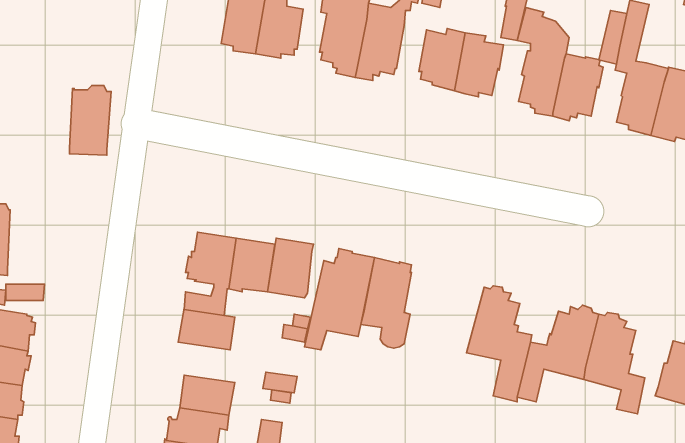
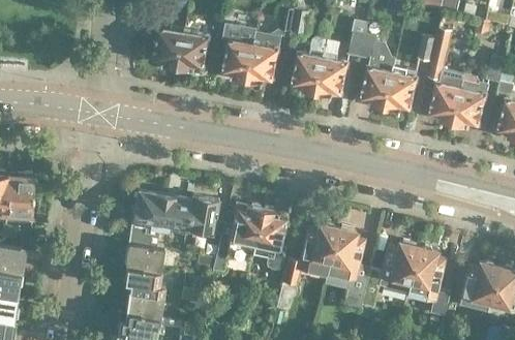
building: [70,85,111,155] -> [5,174,34,222]
building: none -> [278,223,337,310]
building: none -> [122,268,164,296]

